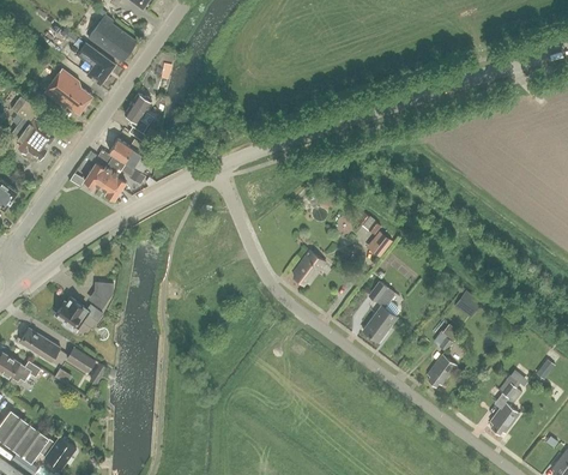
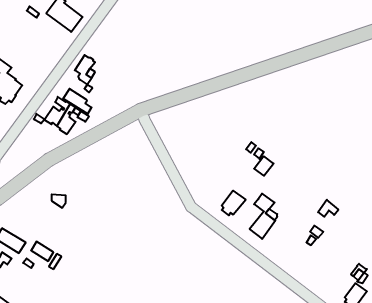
building: [75,42,115,83] -> none
building: [43,68,91,113] -> none
building: [292,251,325,284] -> [222,191,246,215]
building: [55,297,102,331] -> none
building: [425,354,455,386] -> none

